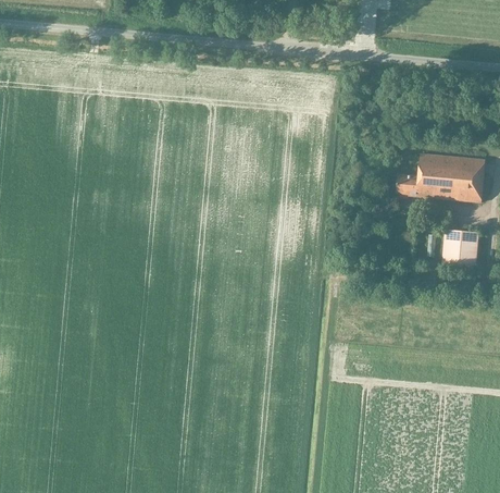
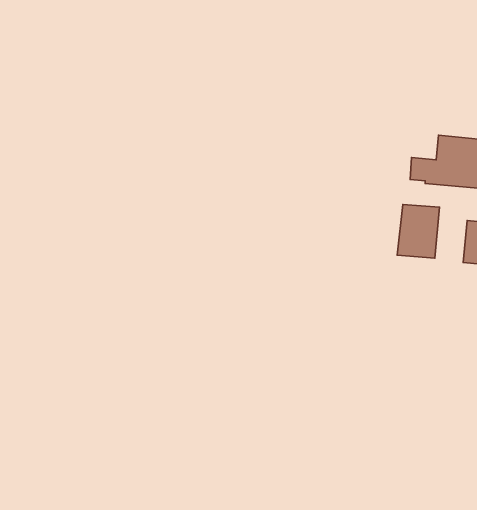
building: none -> [397,204,439,258]

